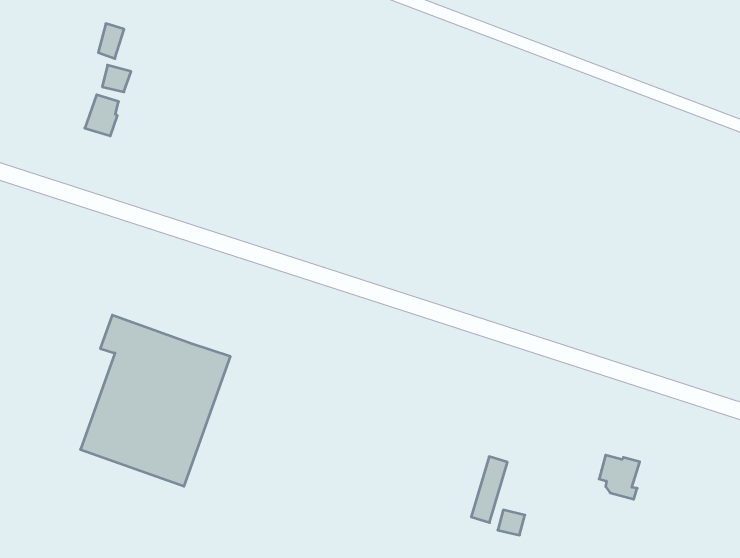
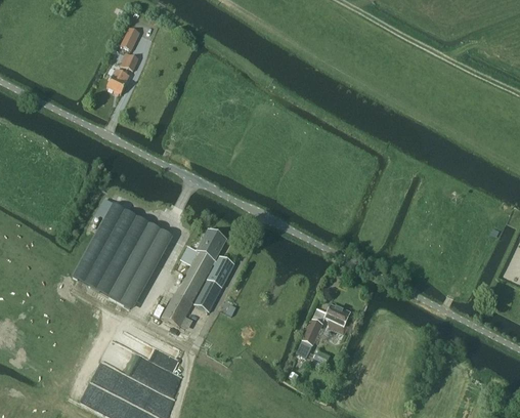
building: none -> [163,229,235,325]
building: [599,455,640,499] -> [326,304,351,333]

